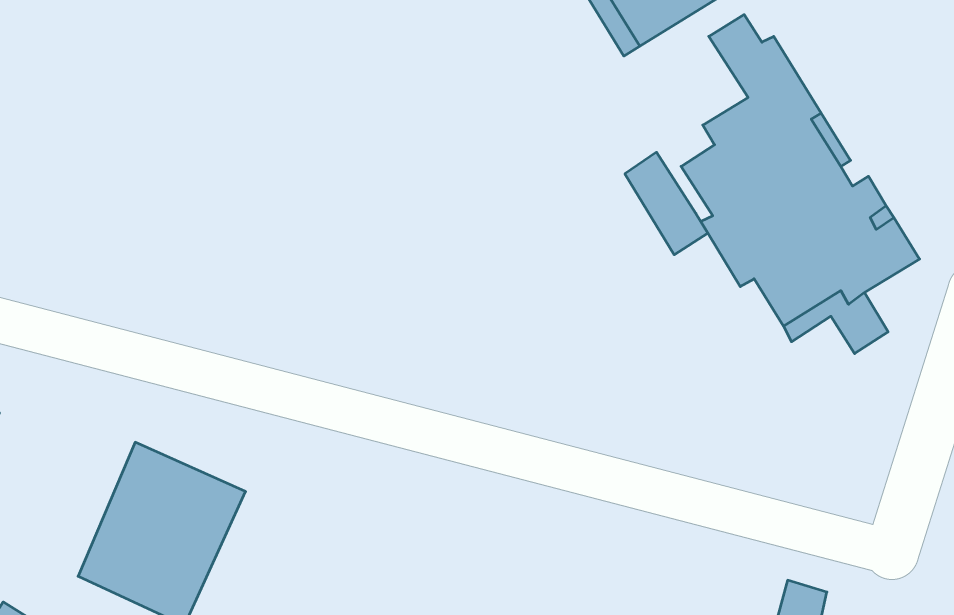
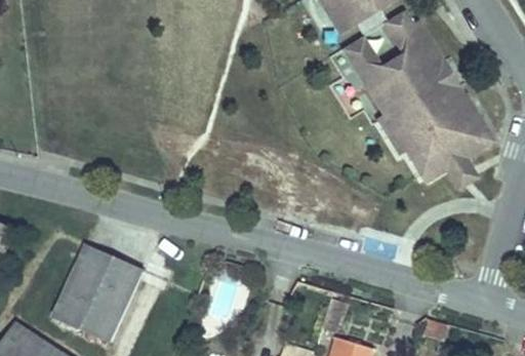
building: [625,152,708,255] -> [341,43,385,96]

